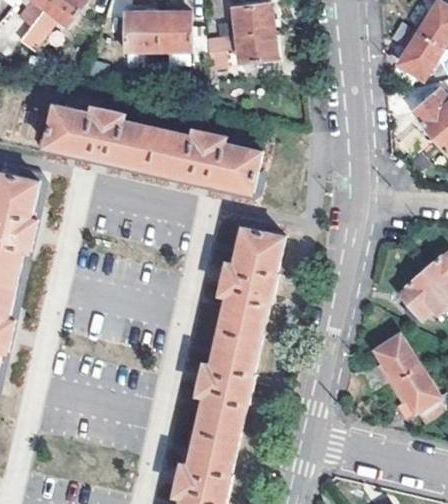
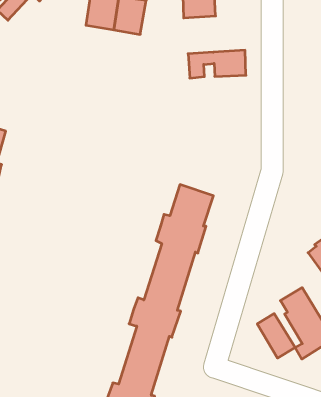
building: [205,28,274,65] -> [188,50,246,78]
building: [45,106,261,189] -> none
building: none -> [257,314,295,358]

